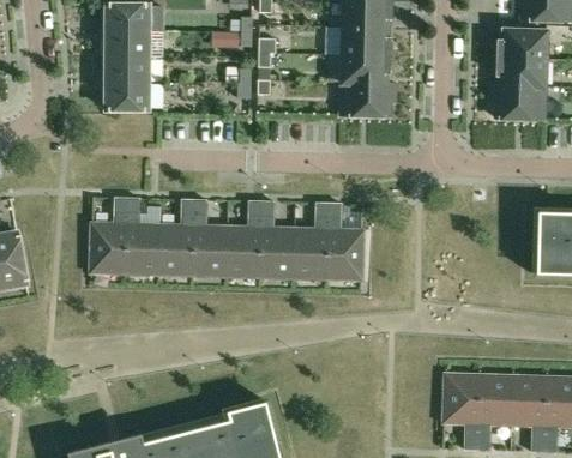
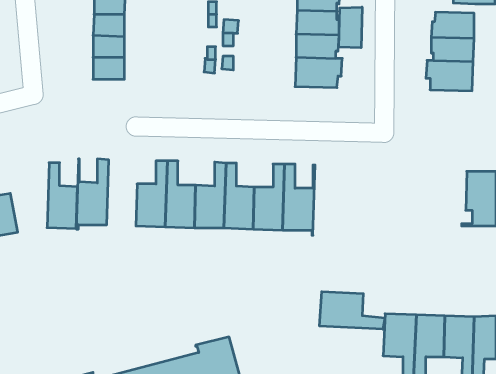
building: none -> [339,7,362,48]
building: [125,198,159,273] -> [47,163,77,229]
building: none -> [320,292,385,329]

